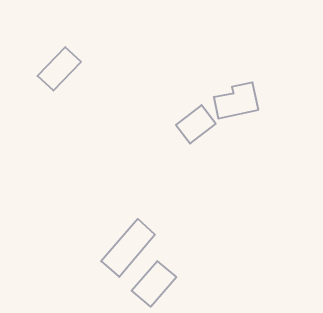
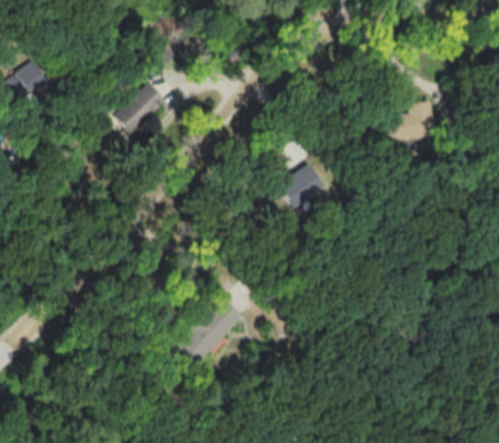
building: [214,82,258,119] -> [384,101,437,142]
building: [132,261,176,307] -> none

